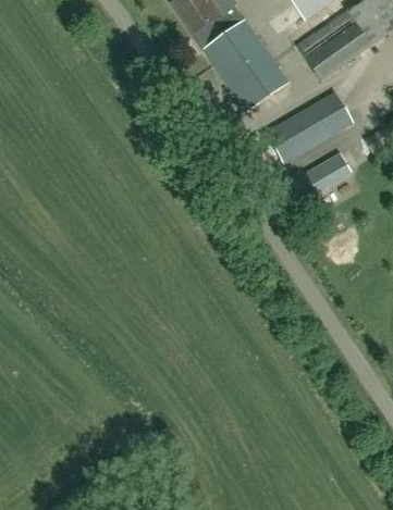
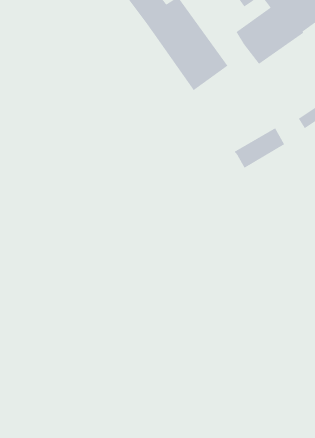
building: [268,91,352,162] -> none

